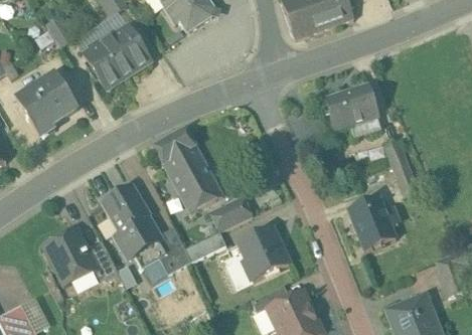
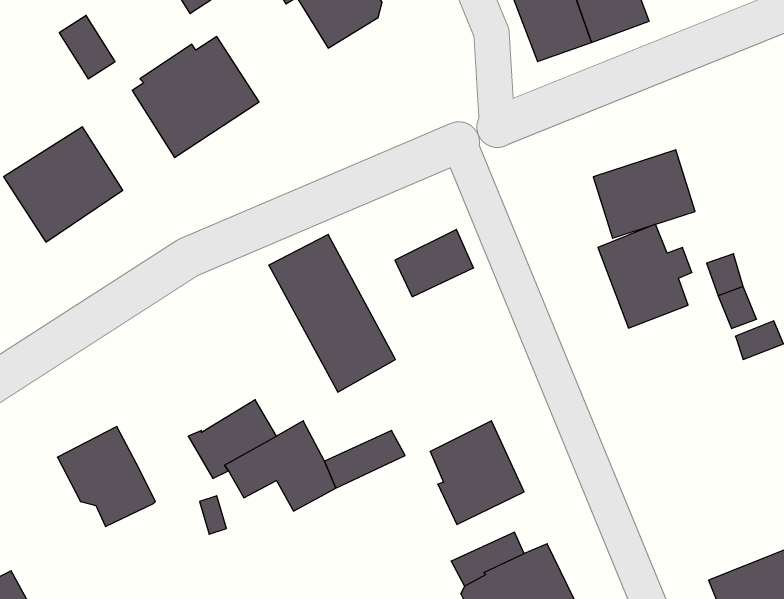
building: [102,184,149,232] -> none
building: [210,195,252,230] -> [395,229,474,297]
building: [348,196,398,250] -> [598,224,692,328]
building: [86,240,118,281] -> none

